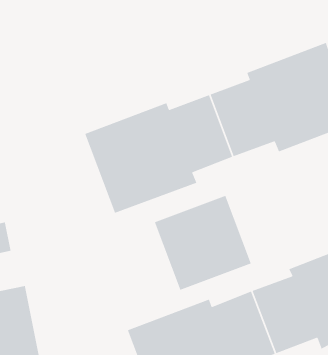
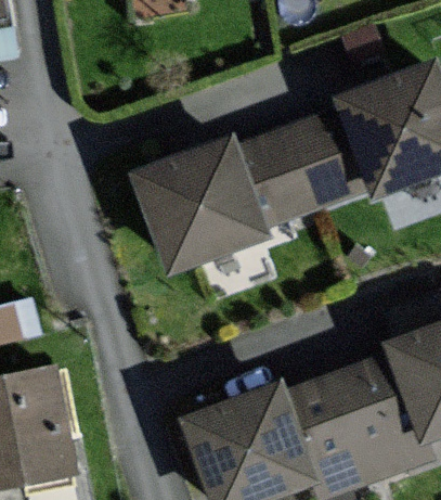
building: [154,195,252,291] -> none

